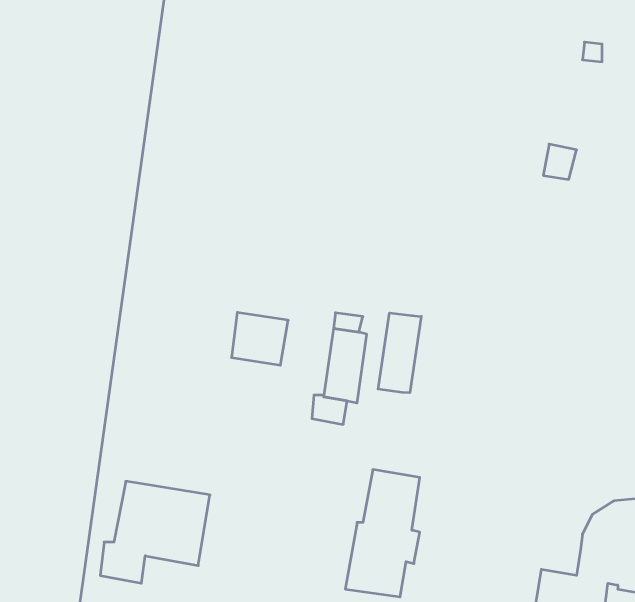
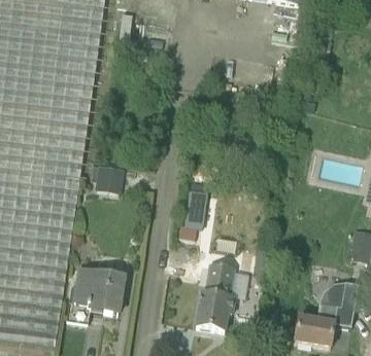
building: [231,312,288,365] -> [94,165,124,192]
building: [378,313,421,393] -> none

